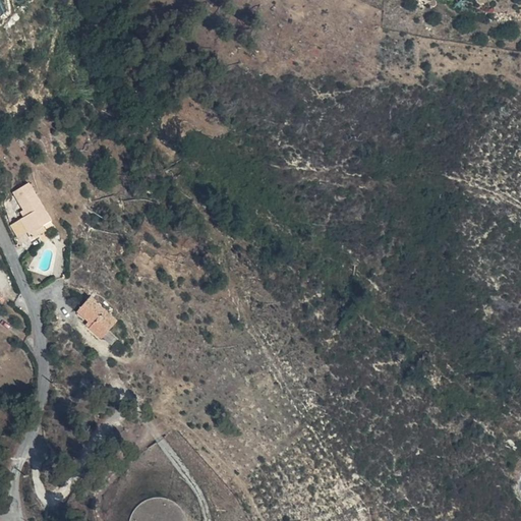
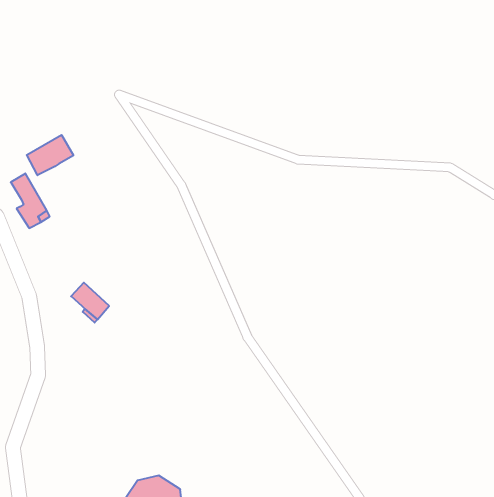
building: none -> [27,135,73,175]

